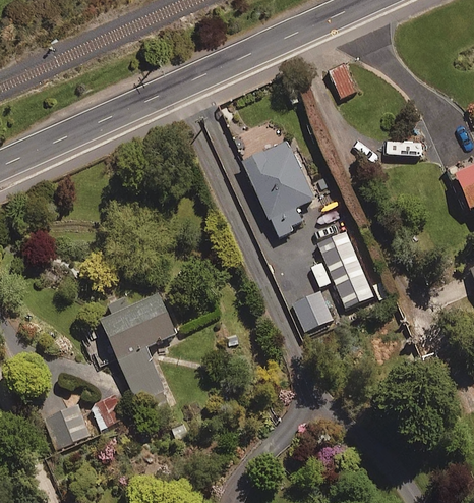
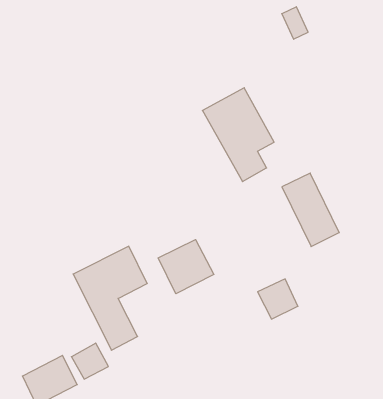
building: [293,290,333,330] -> [258,279,298,319]
building: none -> [158,240,214,294]

